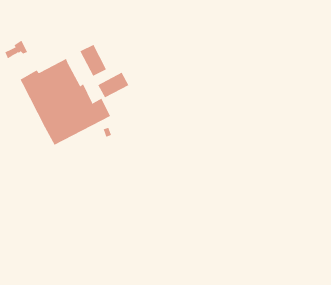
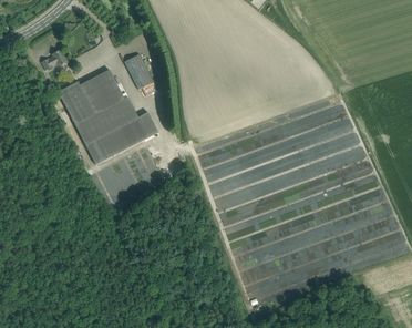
building: [97,72,129,98] -> none

